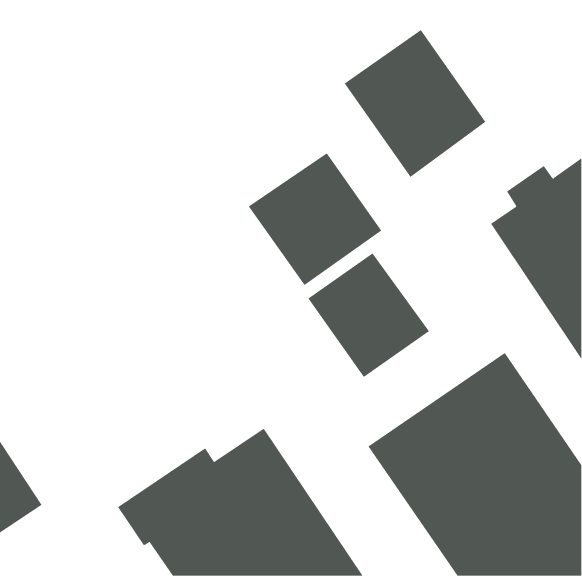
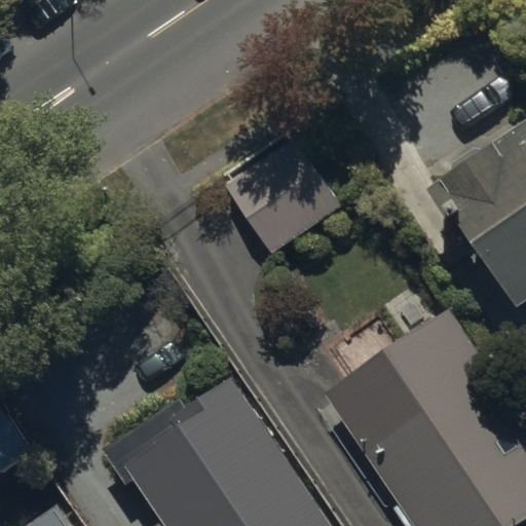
building: [344,29,486,178] -> none
building: [308,253,430,378] -> none

